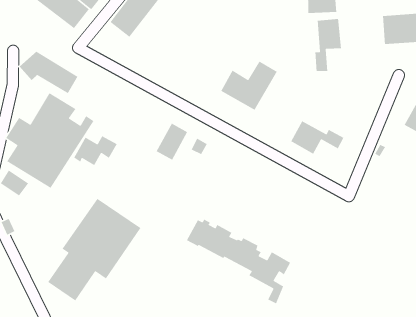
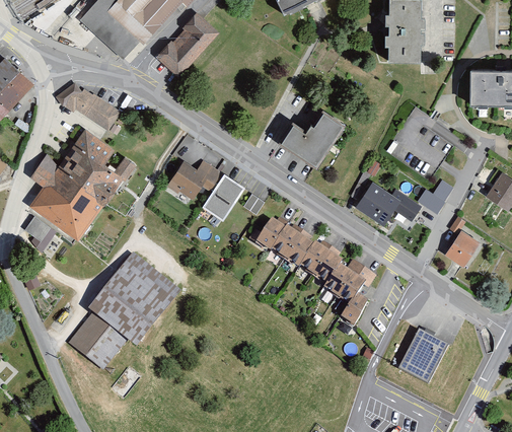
building: [314,18,342,72] -> none
building: none -> [417,177,453,212]
building: [73,135,118,166] -> [167,161,219,196]
building: none -> [445,227,483,267]
building: [186,219,291,305] -> [255,218,373,321]
building: none -> [398,331,445,381]

